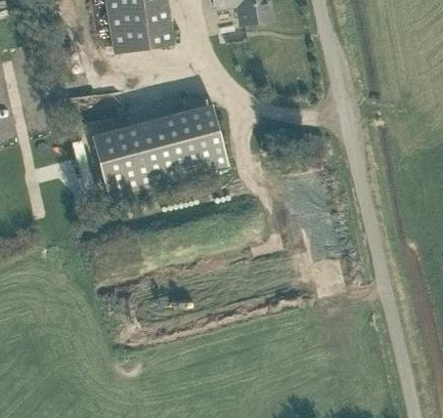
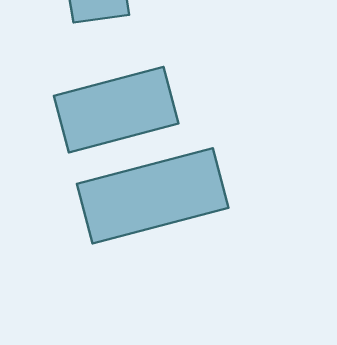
building: none -> [77,148,228,244]

